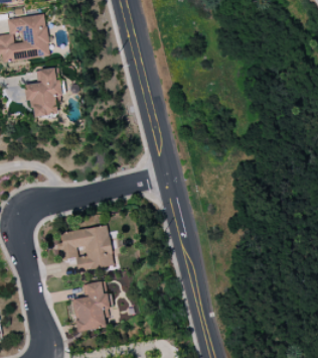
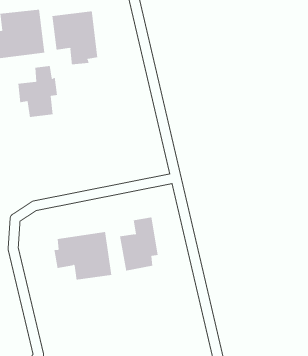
building: none -> [52,10,98,65]
building: [72,280,110,332] -> [119,217,159,271]

